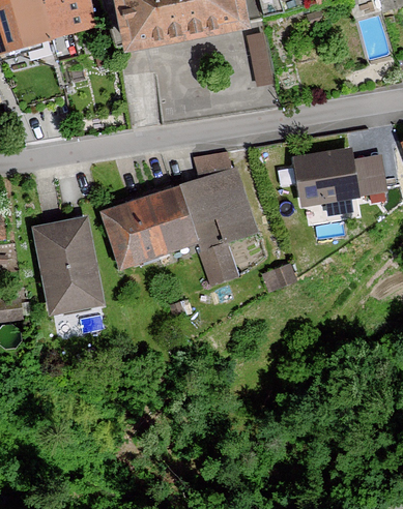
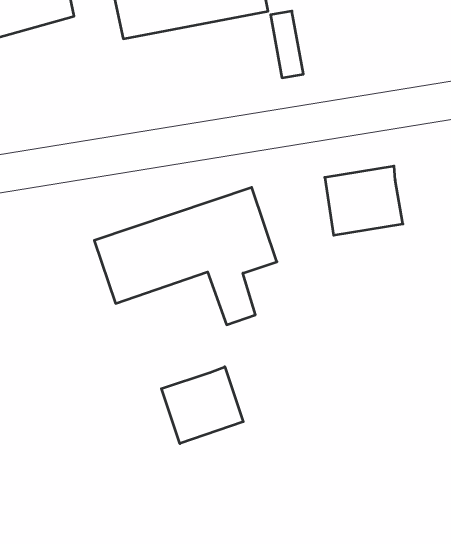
building: [350,157,387,199] -> none
building: [35,218,99,310] -> none
building: none -> [161,367,243,444]

